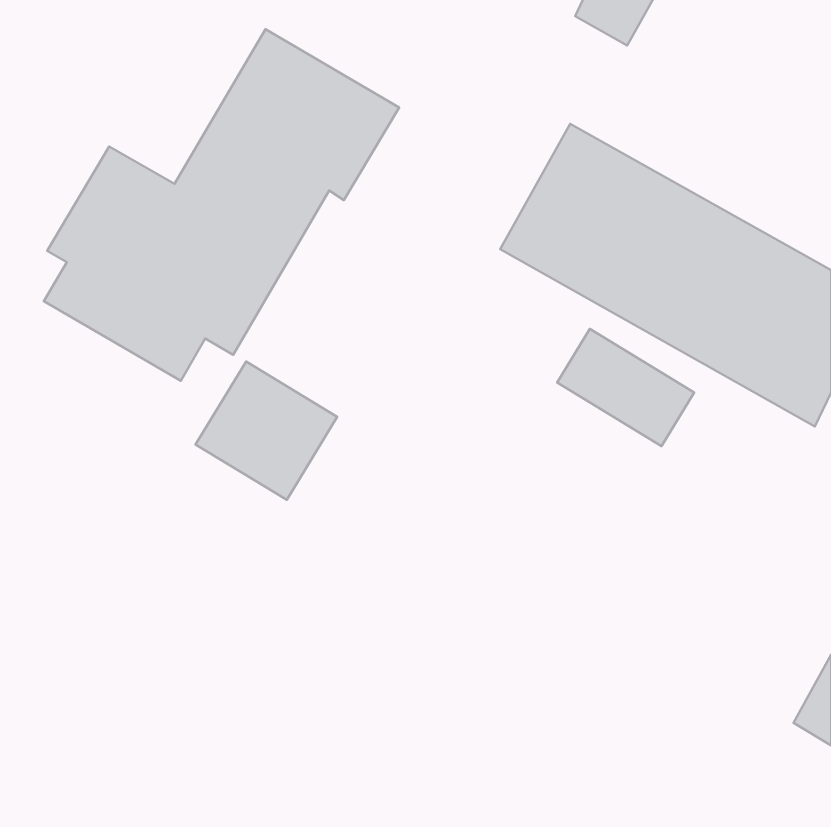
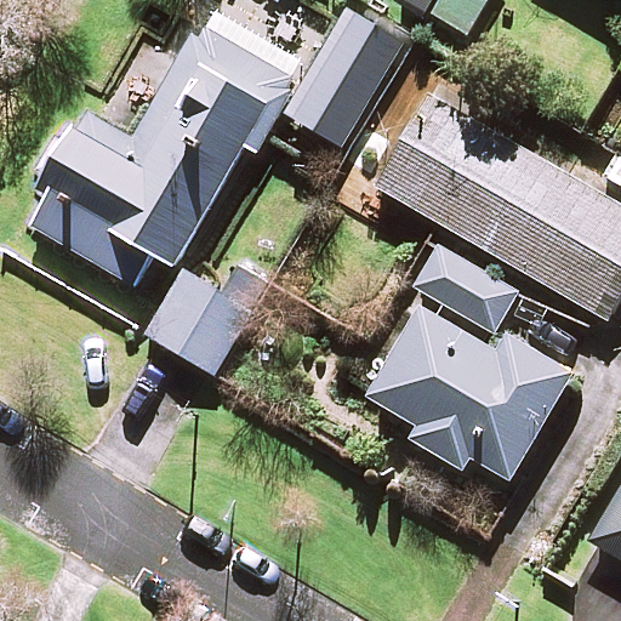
building: none -> [291,13,401,143]
building: none -> [366,306,570,490]

